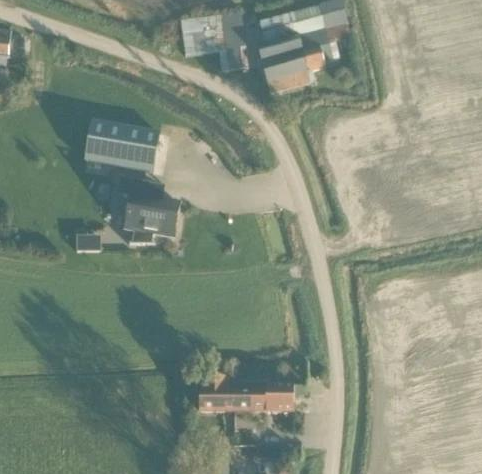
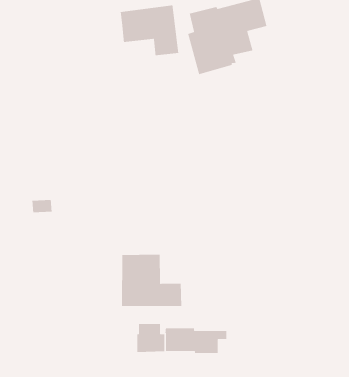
building: [84,121,158,171] -> none
building: [115,176,179,243] -> none
building: none -> [121,254,182,307]

